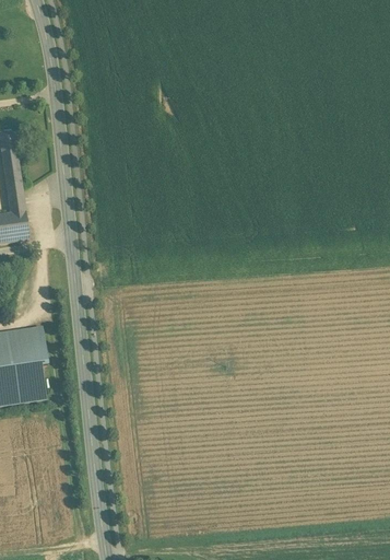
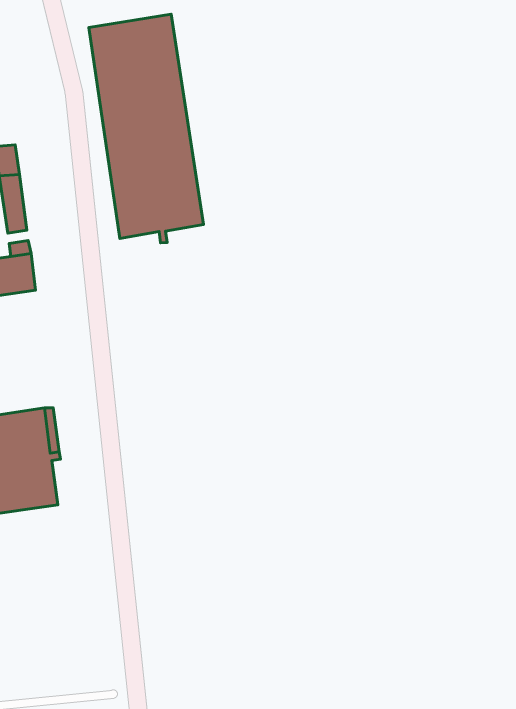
building: none -> [89,14,204,243]

